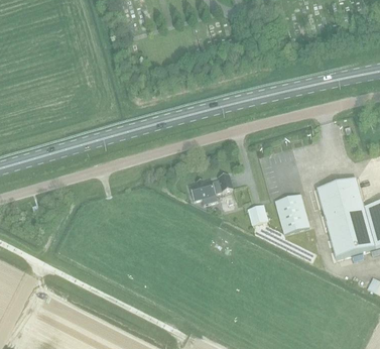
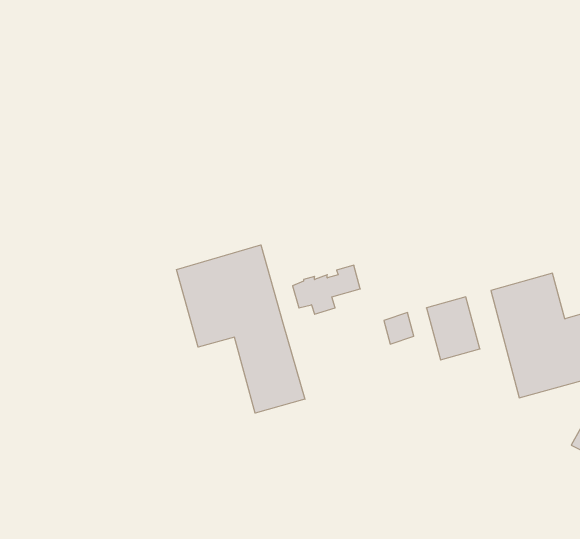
building: none -> [177,245,305,413]

